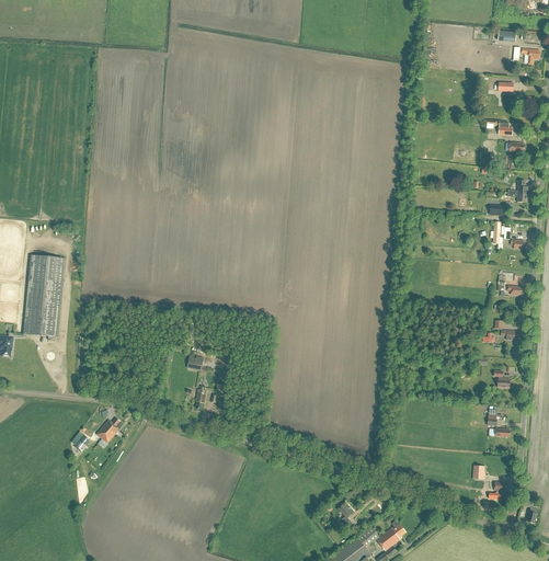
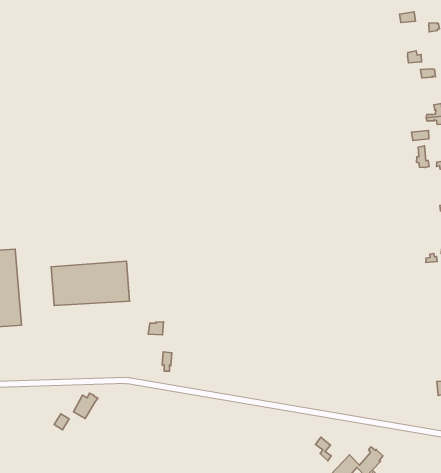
building: none -> [51,261,129,306]

